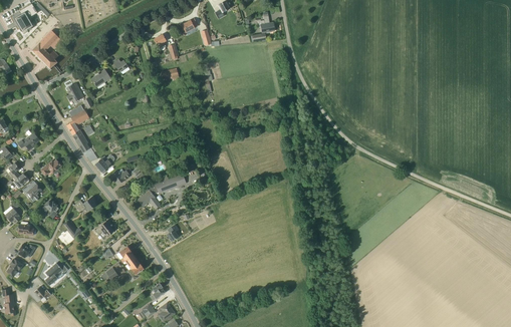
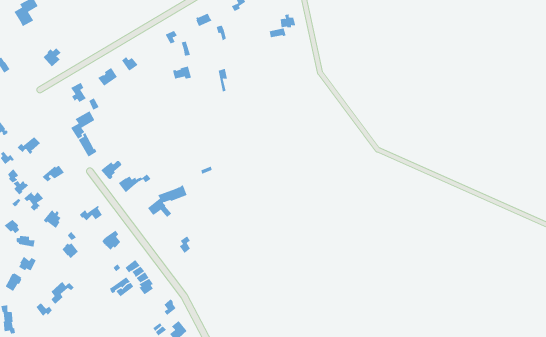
building: [30,29,60,59] -> none

